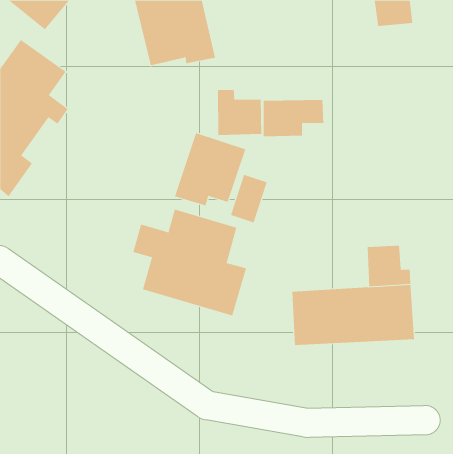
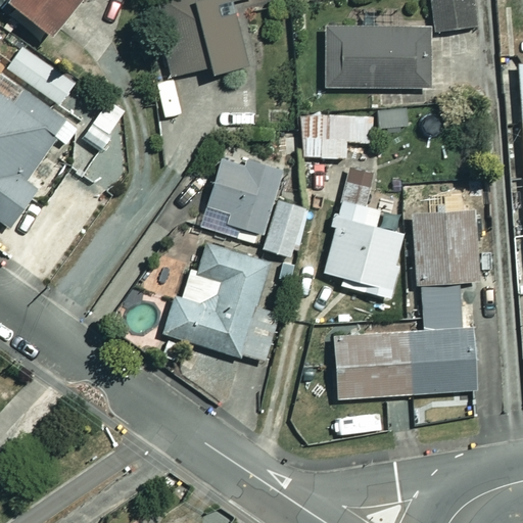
building: none -> [325,27,430,88]
building: [217,89,262,136] -> none
building: none -> [325,200,405,296]
building: none -> [414,209,480,285]

